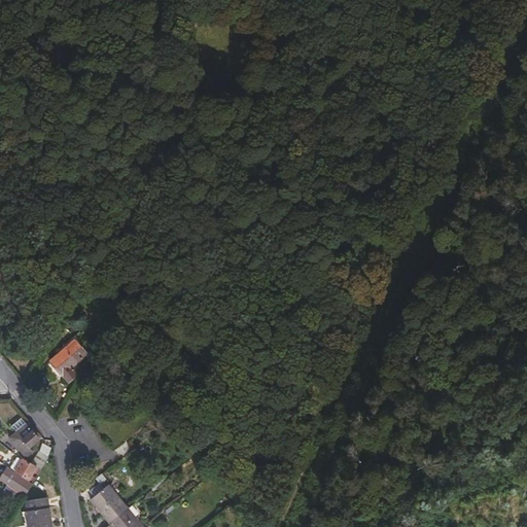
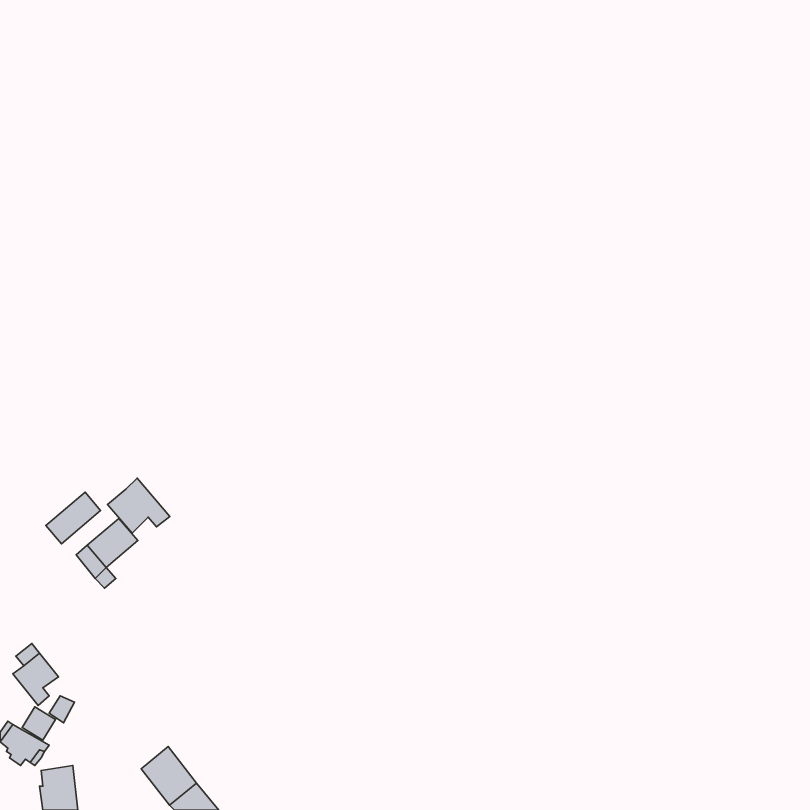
building: none -> [108,478,170,533]
building: none -> [46,492,101,544]

